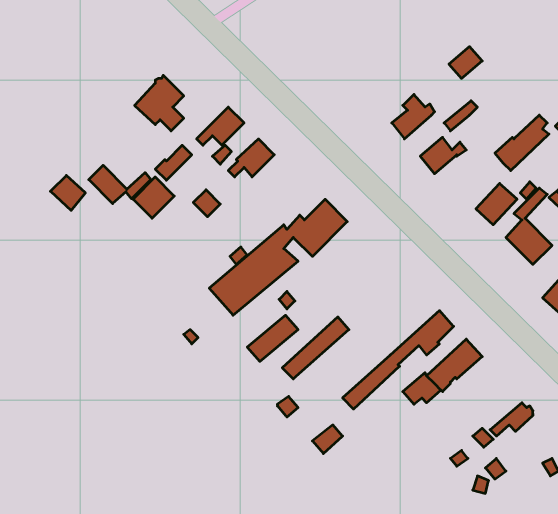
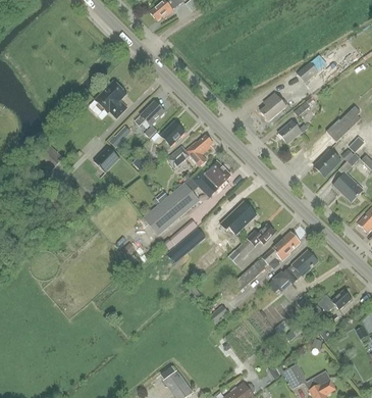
building: none -> [167,135,212,166]
building: [89,165,151,204] -> none
building: none -> [220,200,257,234]
building: none -> [228,223,275,263]

